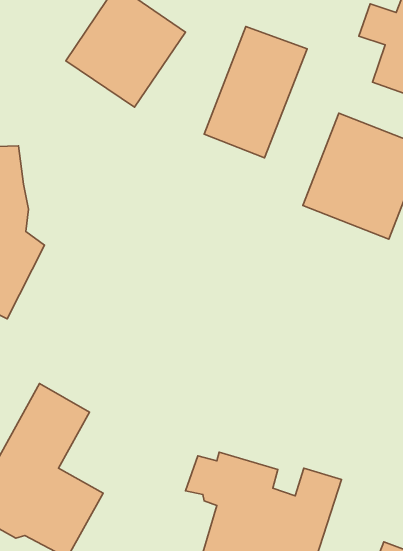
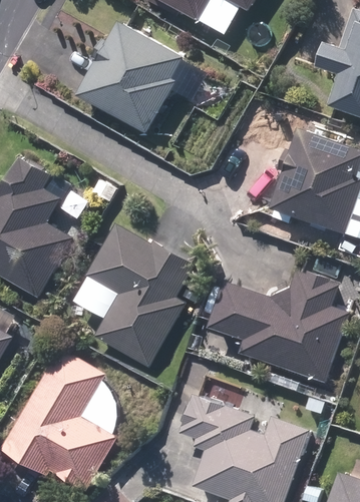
building: [204,26,307,158] -> none
building: none -> [90,224,197,362]
building: none -> [210,271,343,371]

